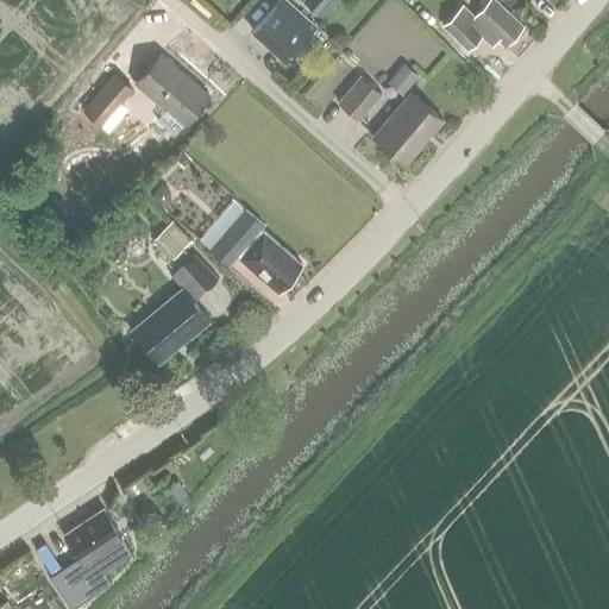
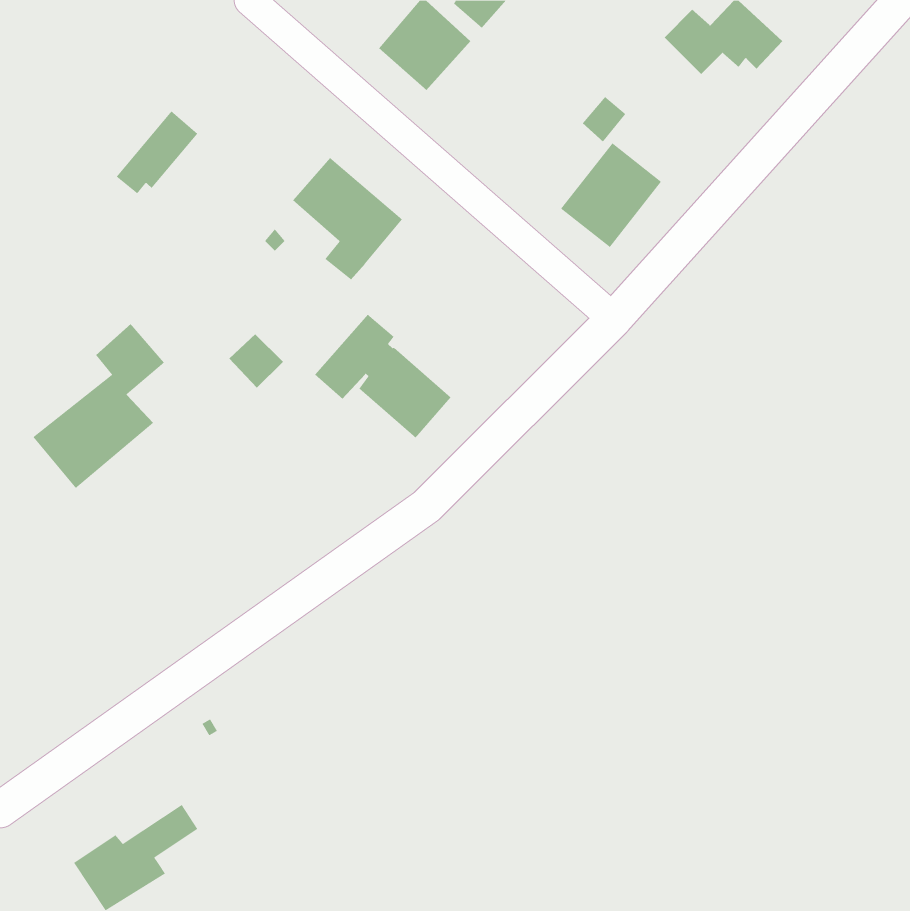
building: [136,54,209,136] -> [292,157,403,280]
building: [339,77,383,121] -> none
building: [130,253,218,364] -> [33,323,165,489]
building: [64,508,123,563] -> none

